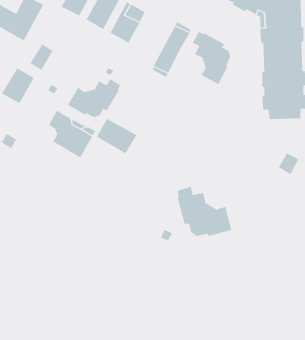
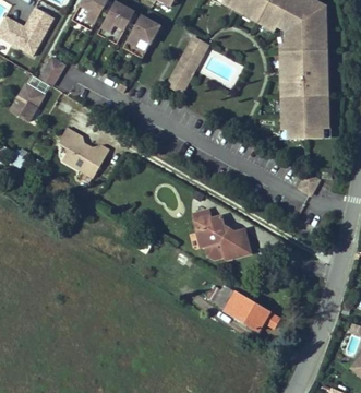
building: [192,32,231,85] -> none
building: [67,78,121,118] -> none
building: [96,118,137,154] -> none
building: none -> [208,284,279,332]

